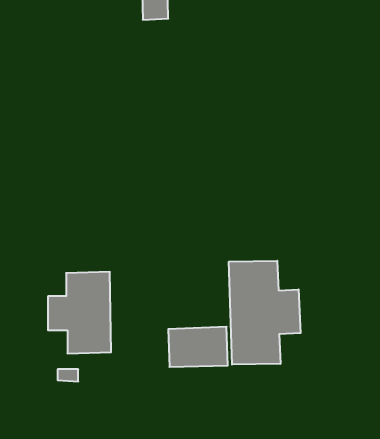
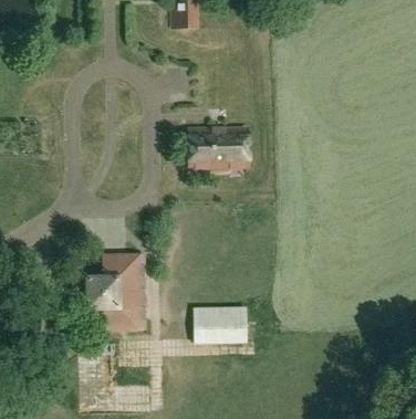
building: none -> [188,128,246,167]
building: [229,261,301,365] -> none

